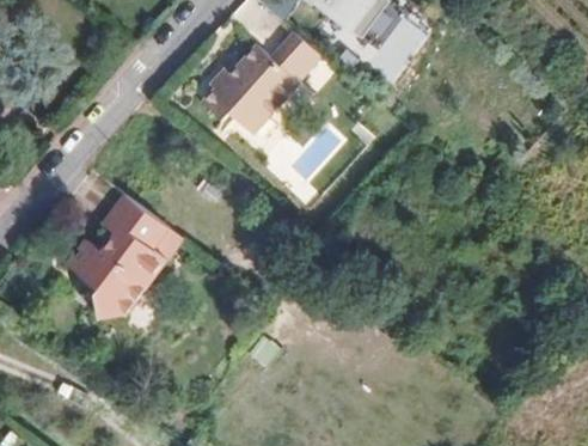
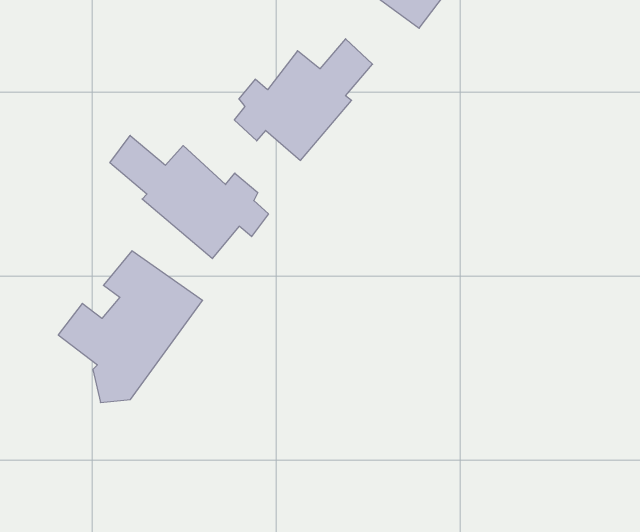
building: none -> [110,135,268,259]

